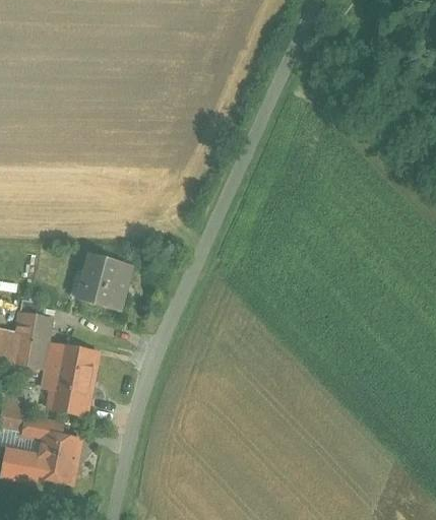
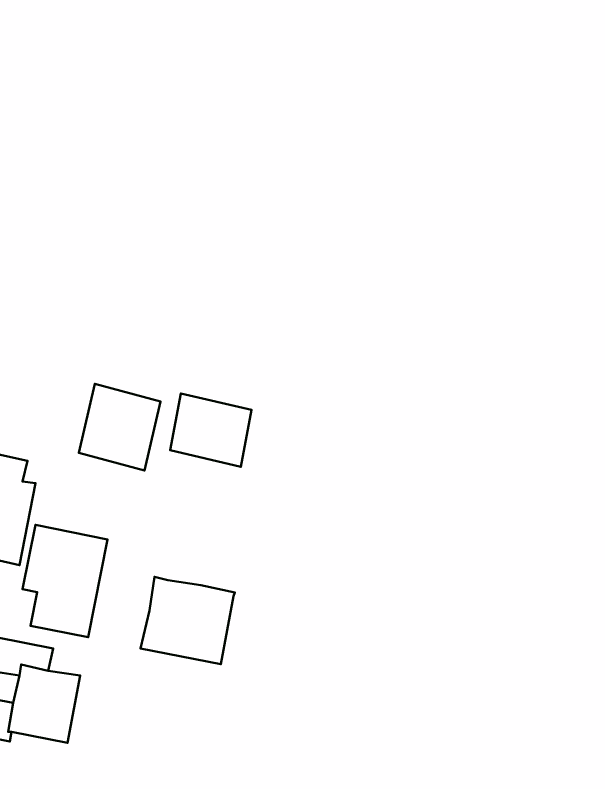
building: none -> [170,393,251,467]
building: none -> [141,577,235,664]

